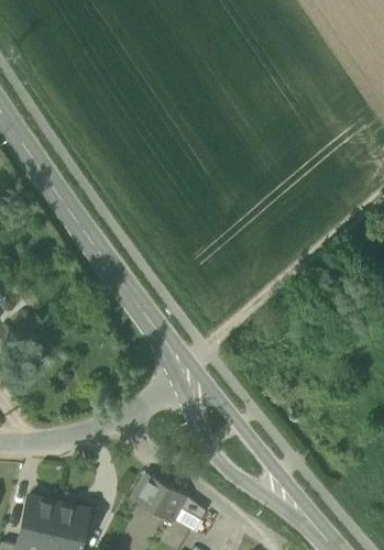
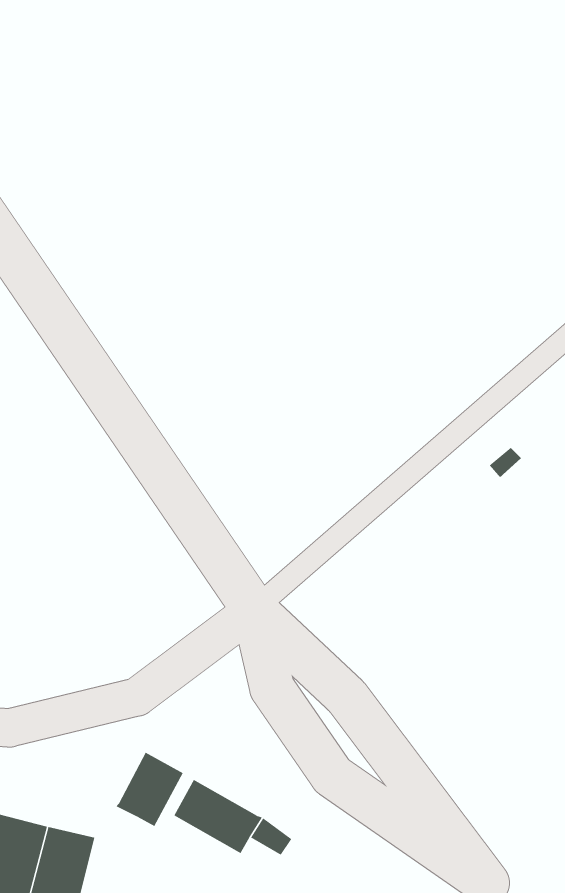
building: none -> [115,752,183,827]

